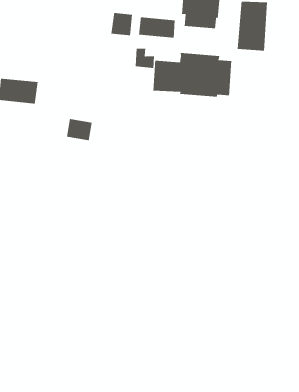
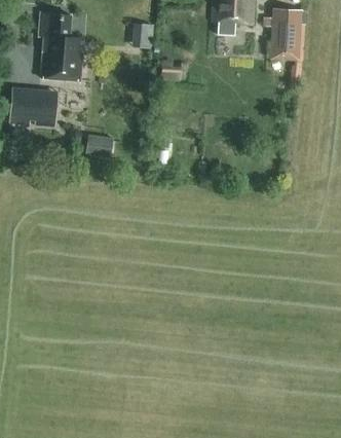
building: none -> [40,14,86,82]
building: [139,16,175,39] -> none
building: [153,52,232,97] -> none

